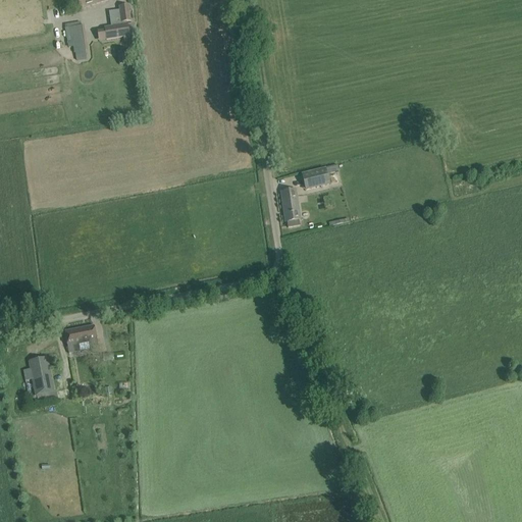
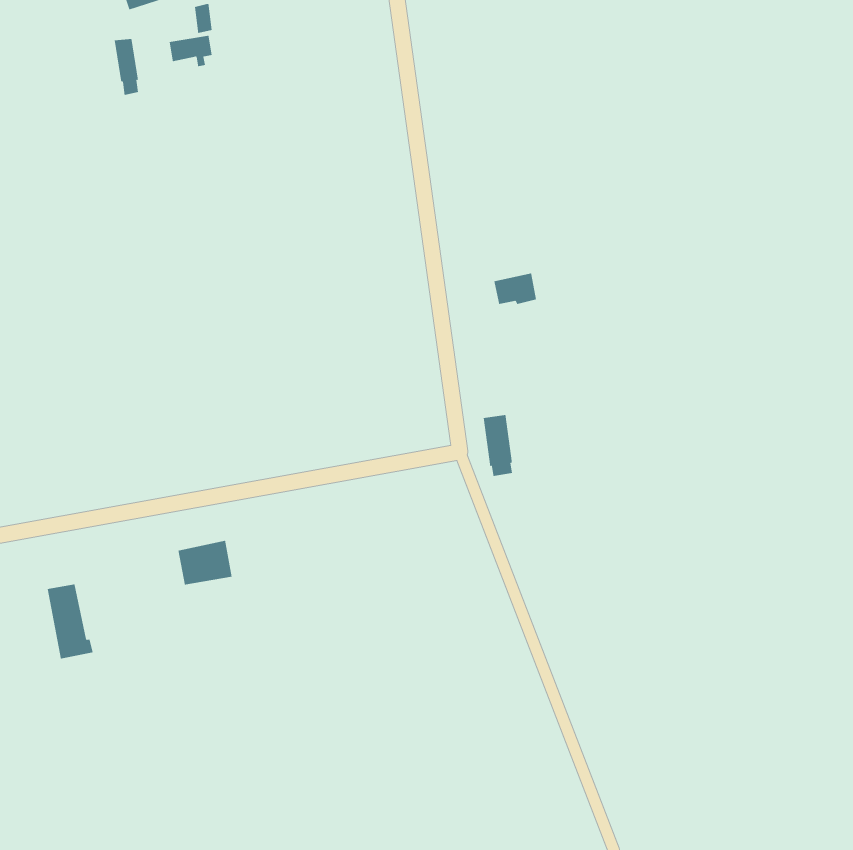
building: [280,188,299,225] -> [483,414,513,476]
building: [63,323,97,351] -> [177,540,233,585]

